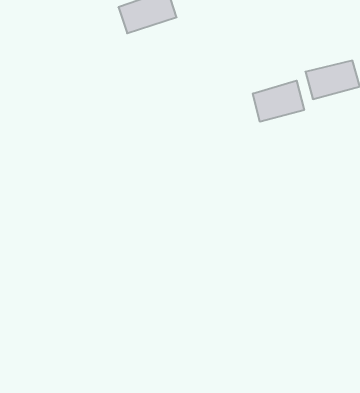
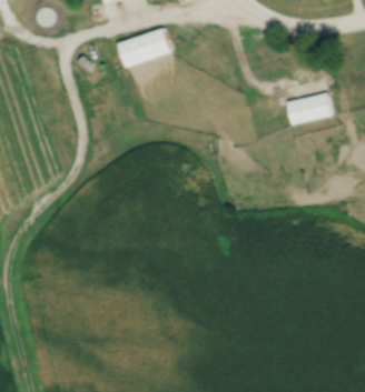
building: [253,81,304,122] -> none

